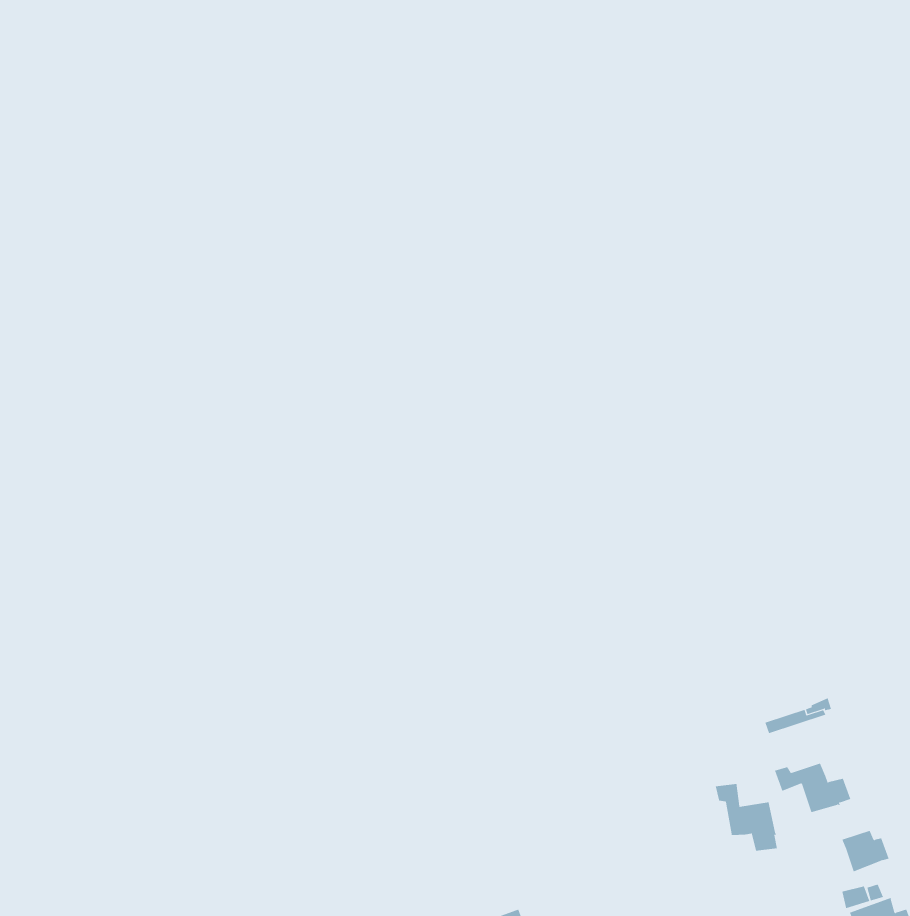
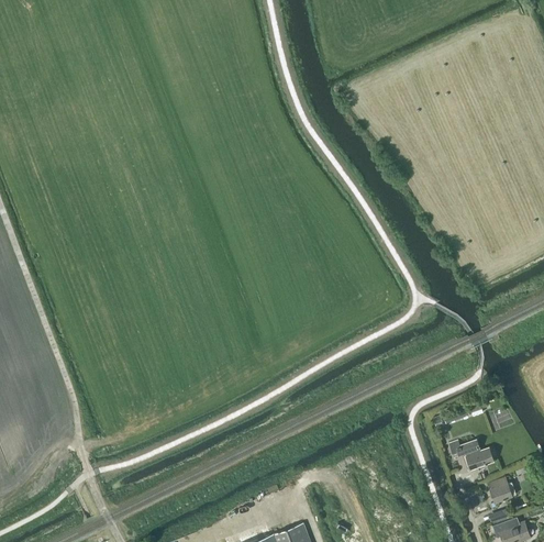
building: [715,783,778,851] -> none

